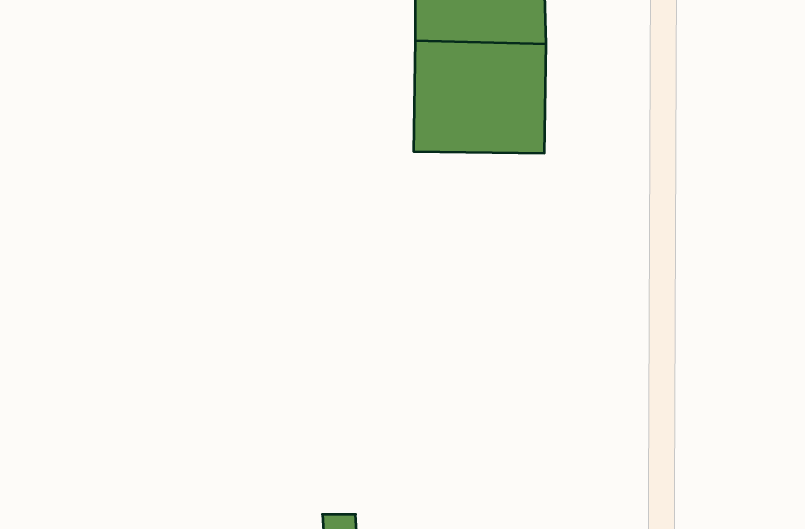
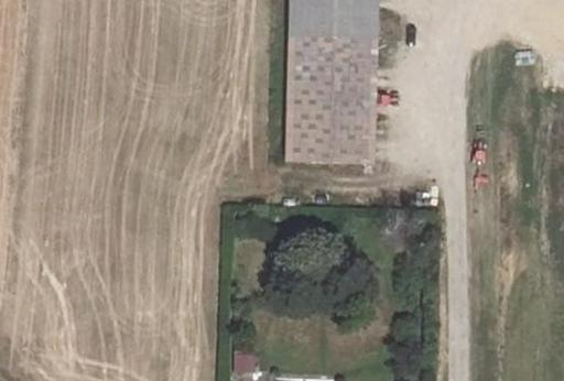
building: none -> [286,107,375,161]

